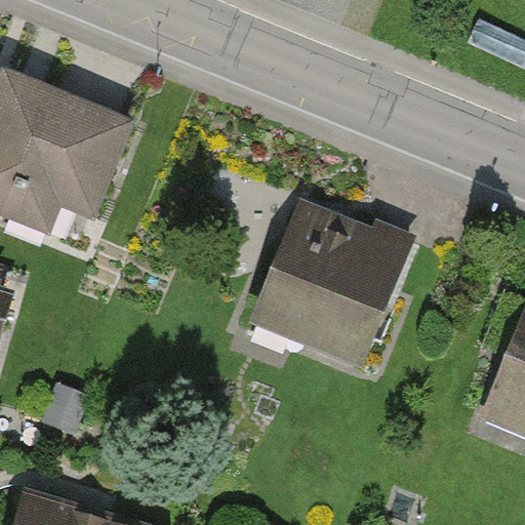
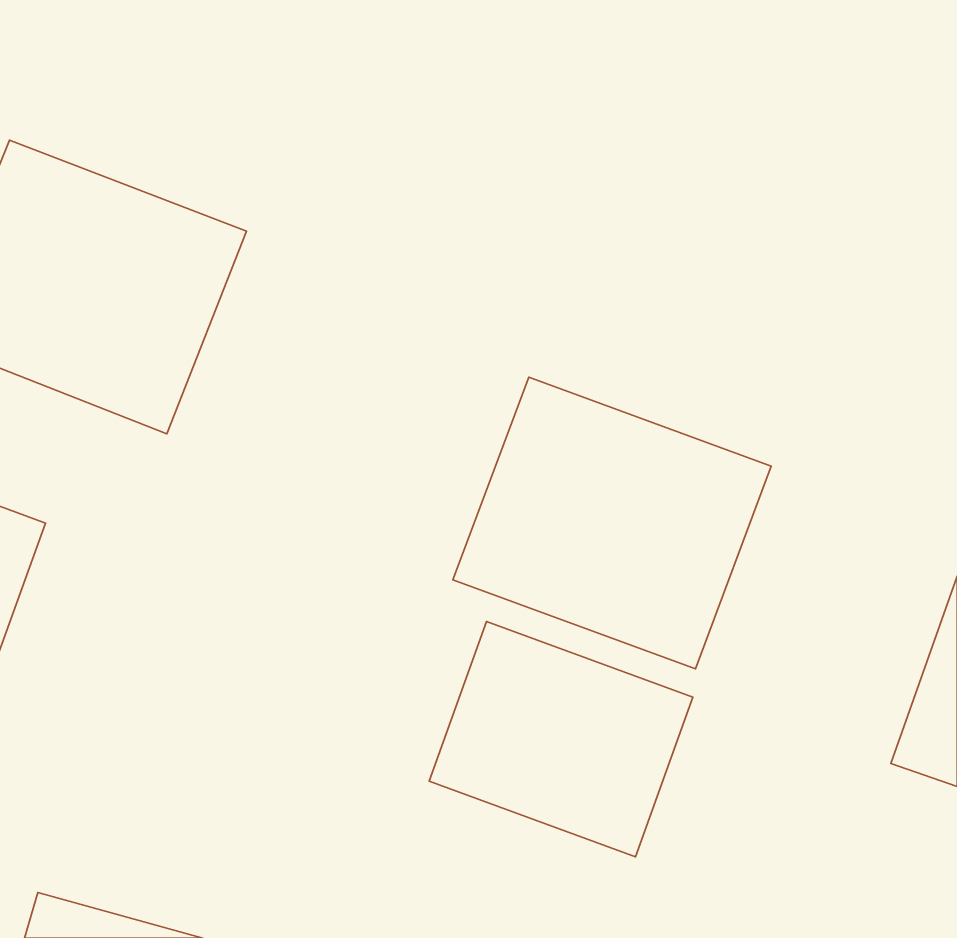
building: none -> [429,622,693,857]

